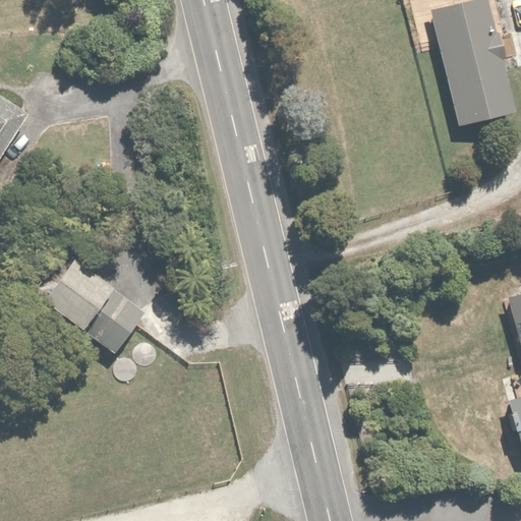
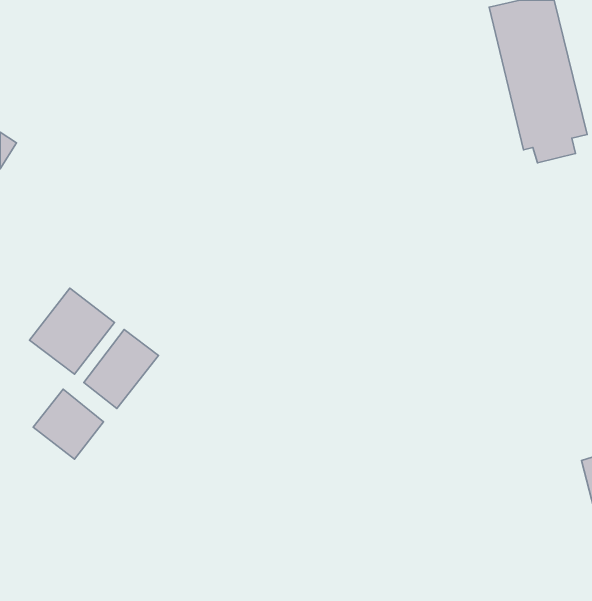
building: none -> [33,389,103,459]

